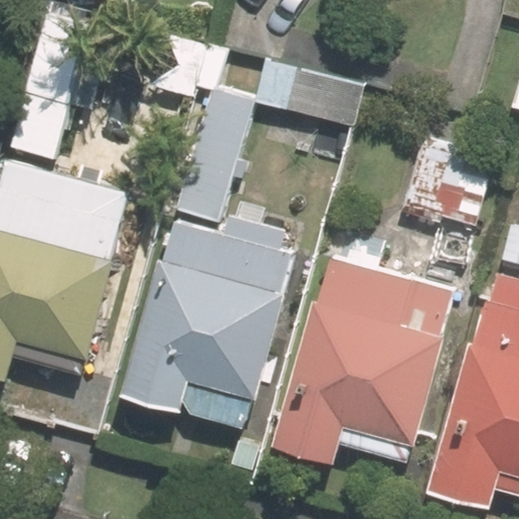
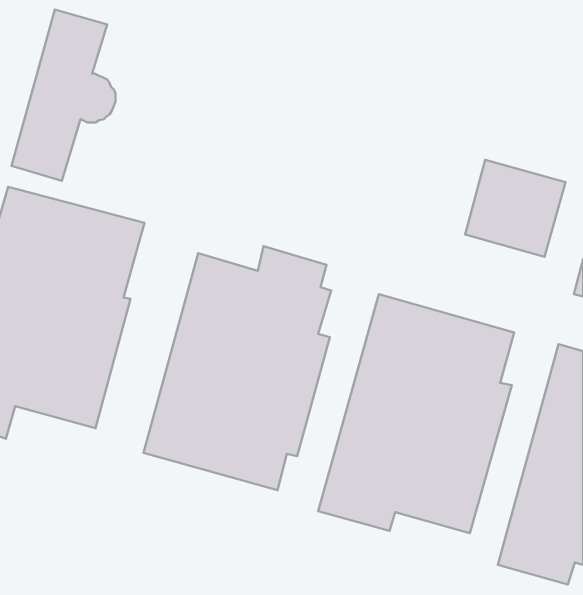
building: [145,31,353,222] -> none

